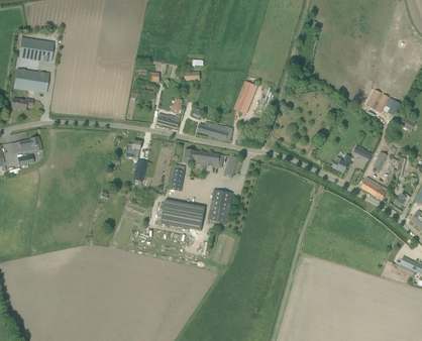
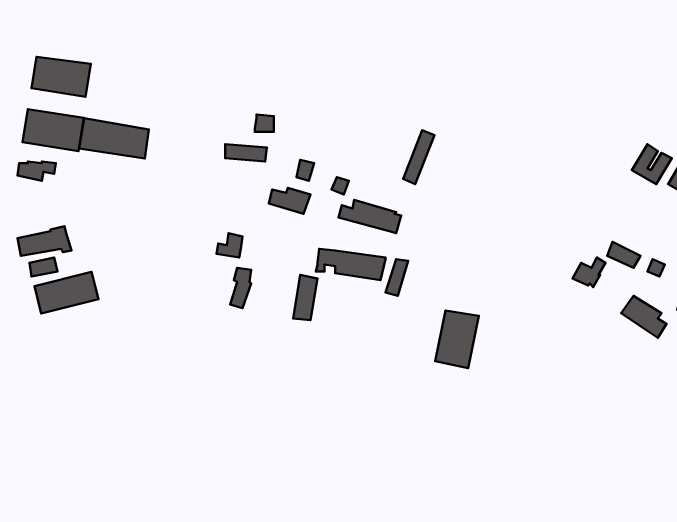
building: none -> [79,118,149,159]
building: none -> [34,272,98,314]
building: [207,190,232,223] -> [435,311,479,368]
building: [161,200,204,230] -> none

